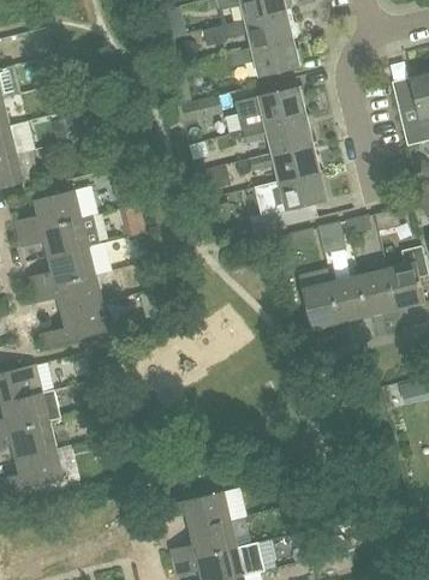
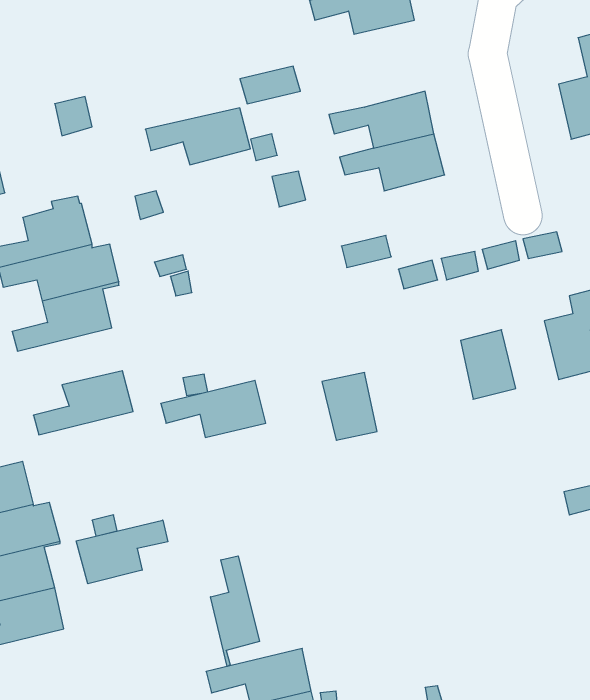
building: [236,86,306,125] -> [145,108,250,165]
building: [256,171,327,210] -> none
building: [358,269,397,315] -> none
building: [31,274,102,312] -> [161,380,266,437]
building: [302,282,339,328] -> [322,373,377,440]
building: none -> [76,520,168,584]
building: none -> [211,556,260,666]

